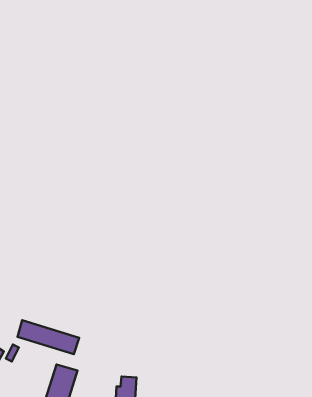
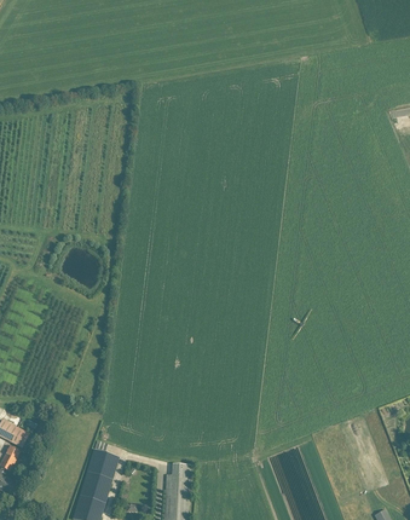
building: [18,320,79,354] -> none

